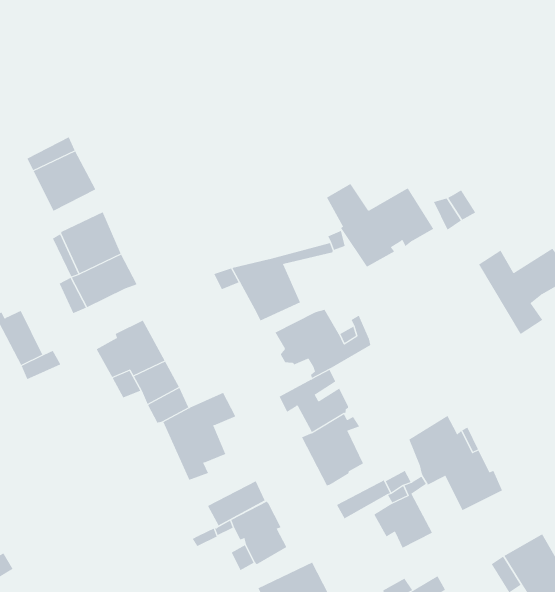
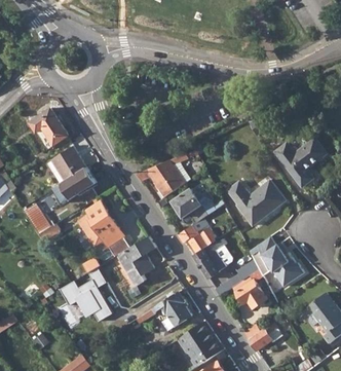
building: [326,183,434,268] -> [227,180,287,225]
building: none -> [59,267,112,322]

